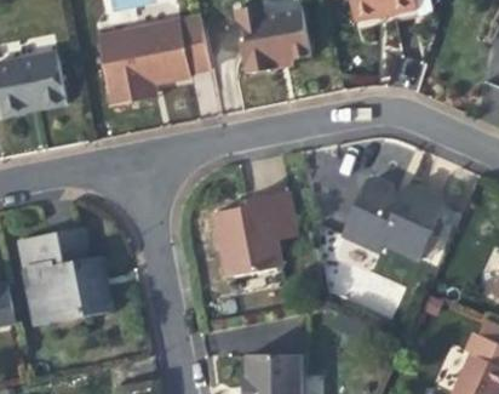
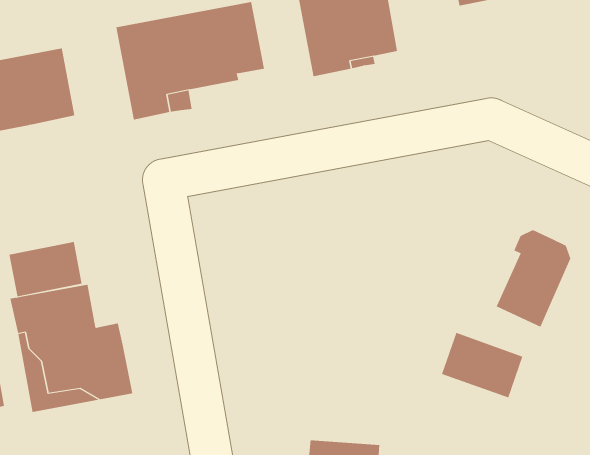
building: [342,183,402,255] -> none
building: [214,192,297,275] -> none
building: none -> [9,241,82,297]

